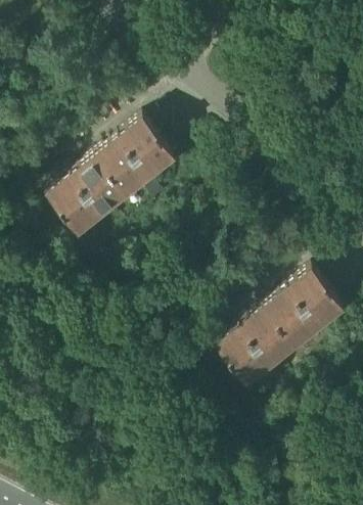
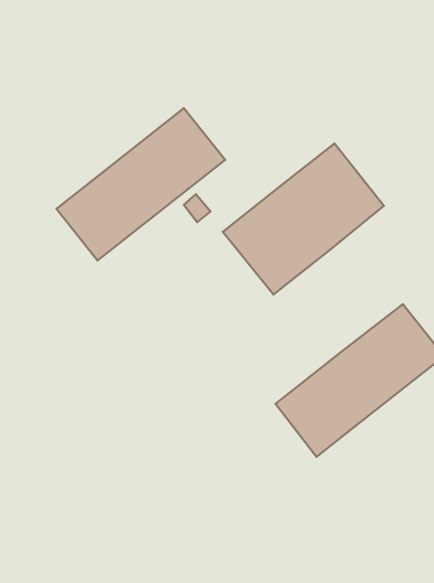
building: none -> [223,143,384,295]

